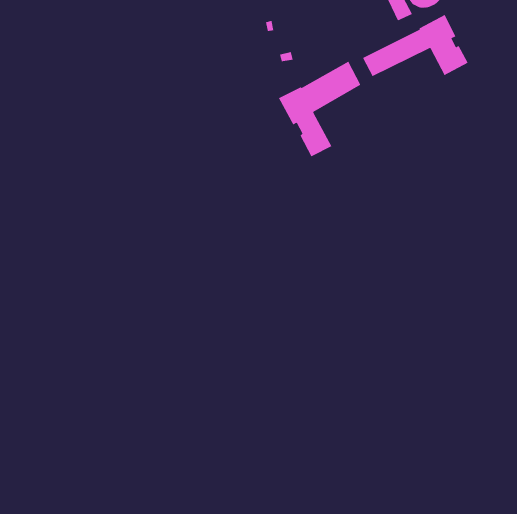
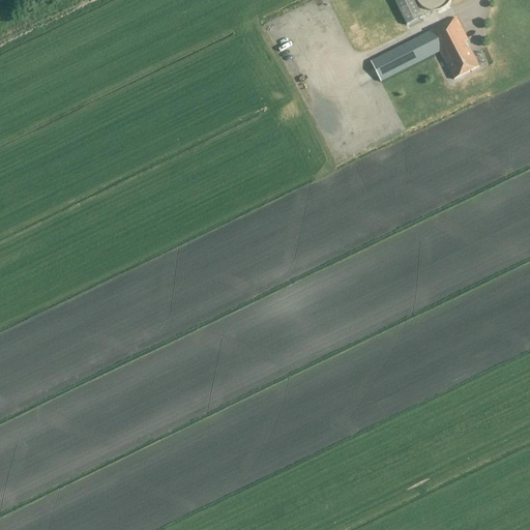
building: [278,61,361,157] -> none

